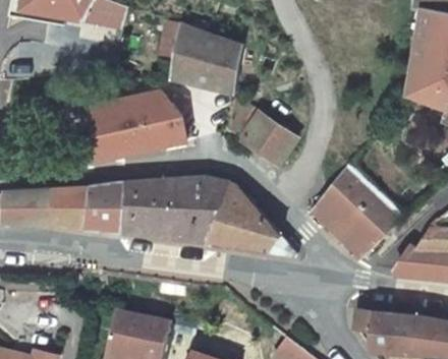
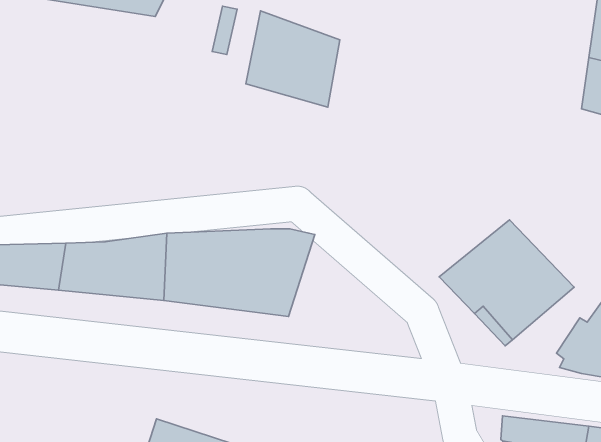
building: [89,87,187,158] -> none
building: [226,101,299,165] -> none
building: [207,183,295,252] -> none

